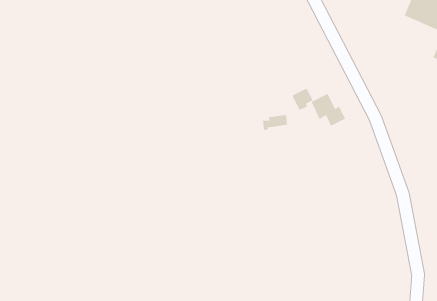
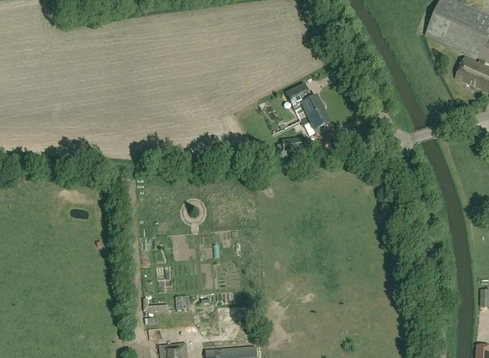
building: [311,93,346,126] -> [286,82,323,117]

